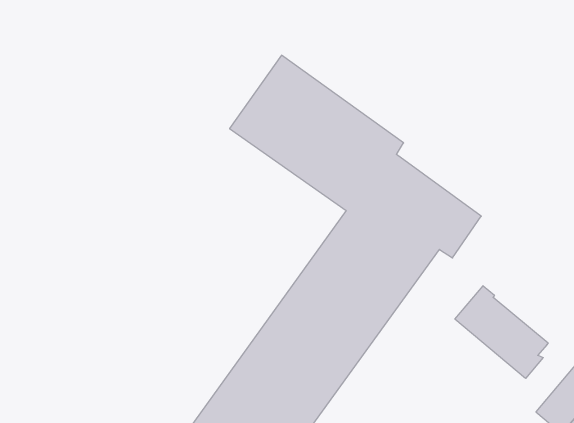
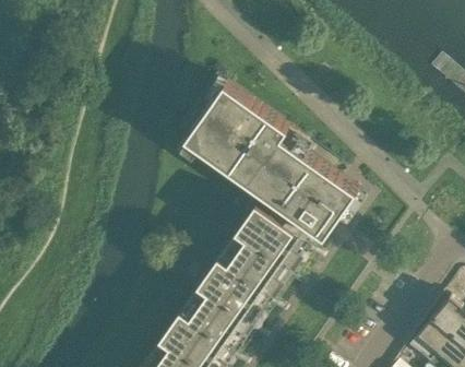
building: [455,286,548,378] -> none

